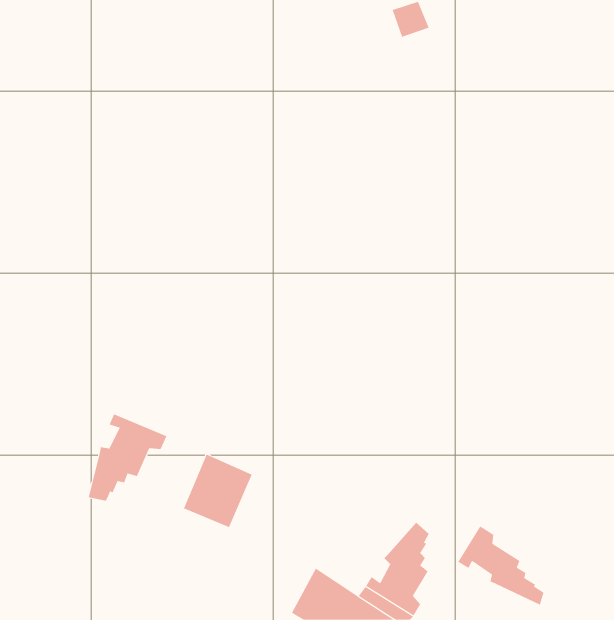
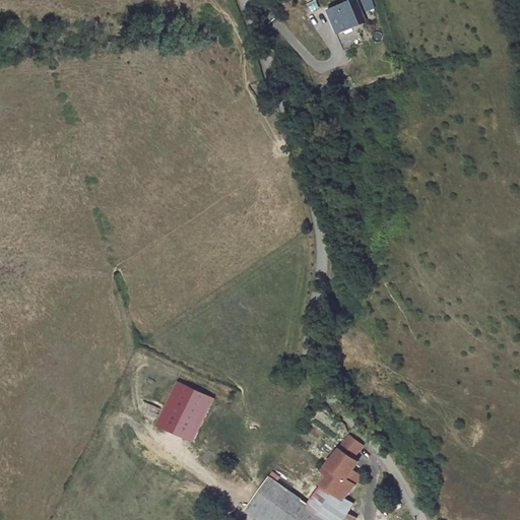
building: [88,413,167,502] -> none
building: [457,525,544,606] -> none

